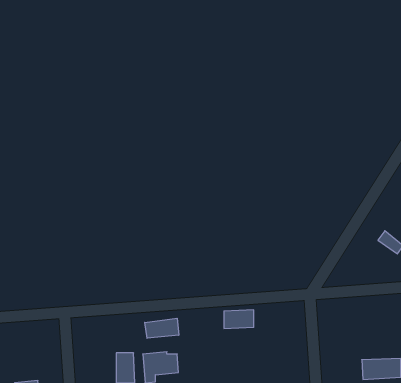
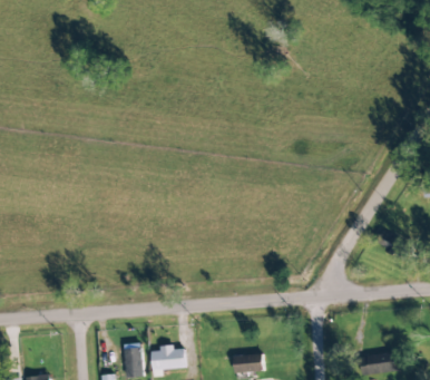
building: [224,310,254,328] -> [235,354,264,372]
building: [145,318,179,338] -> none

